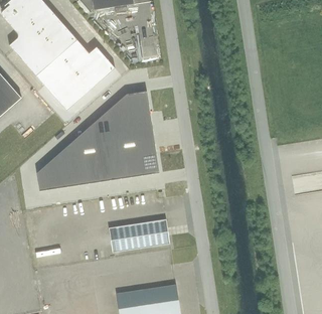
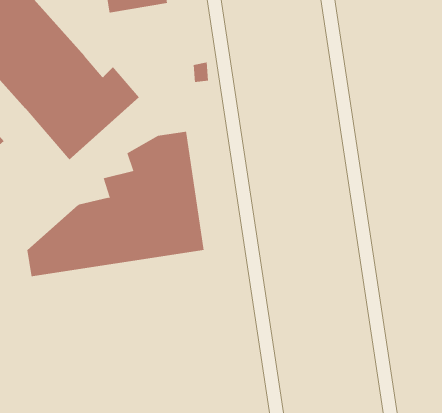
building: [108,218,169,252] -> none

